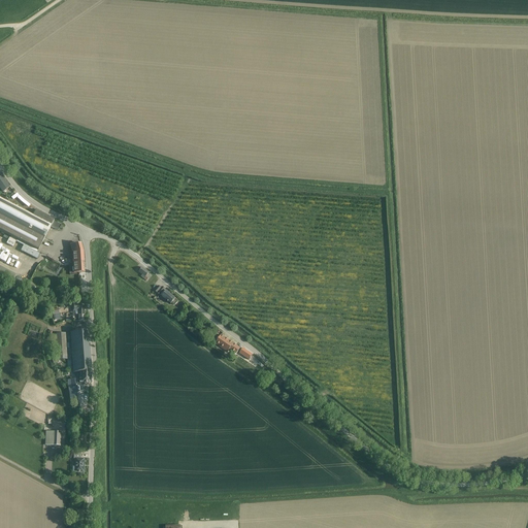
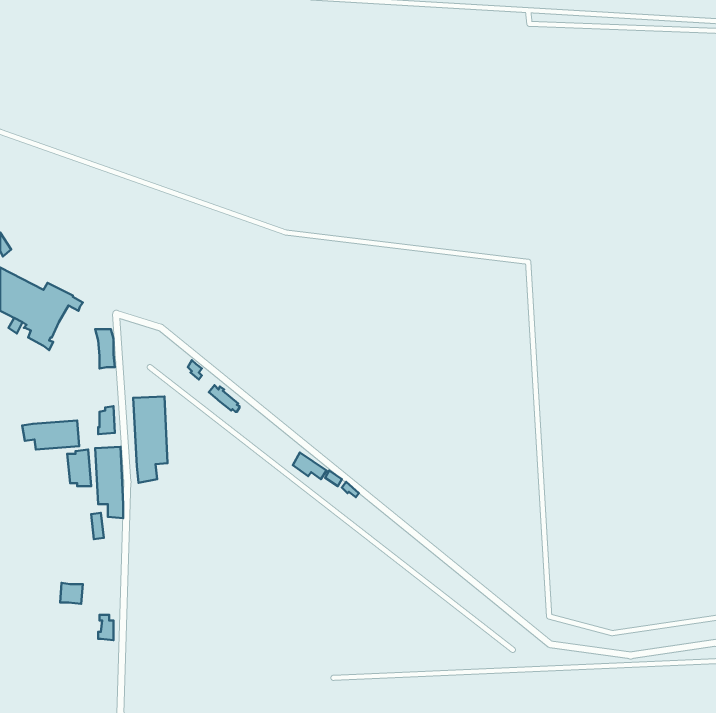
building: none -> [133,397,168,483]
building: none -> [22,420,79,449]

